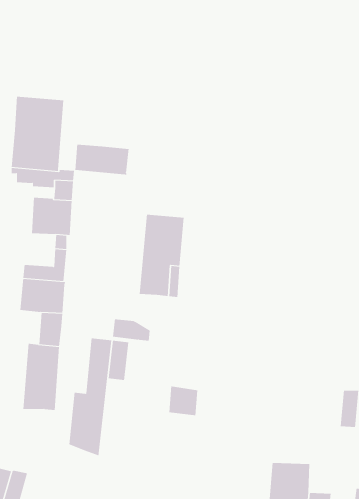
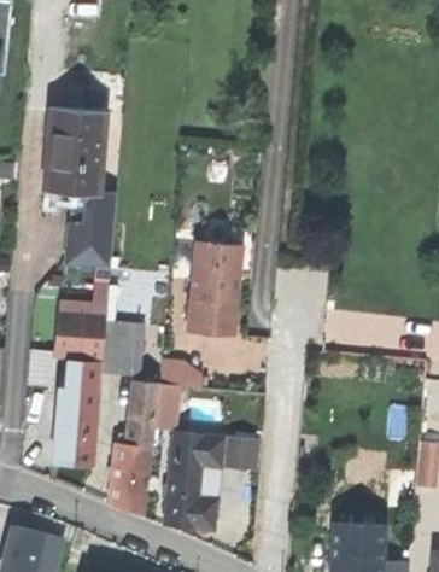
building: [75,144,129,176] -> none
building: none -> [101,323,142,373]
building: none -> [163,434,222,532]

